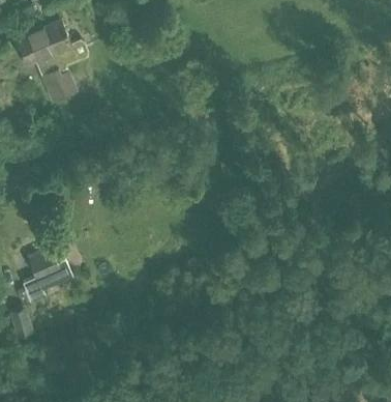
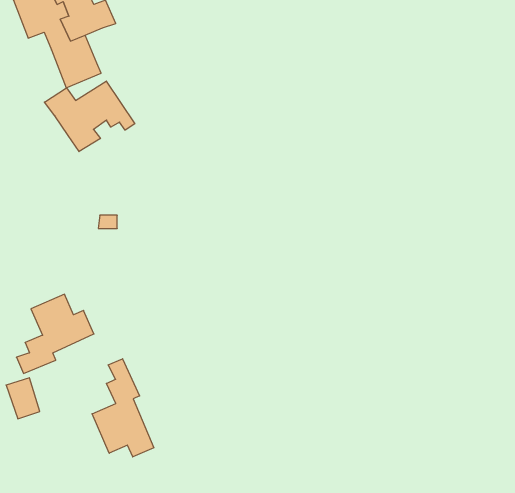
building: none -> [44,81,135,152]
building: none -> [92,359,154,457]

